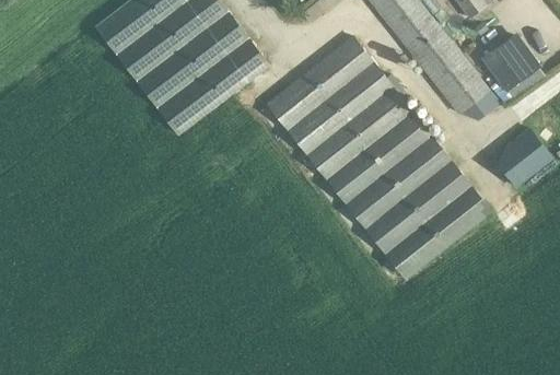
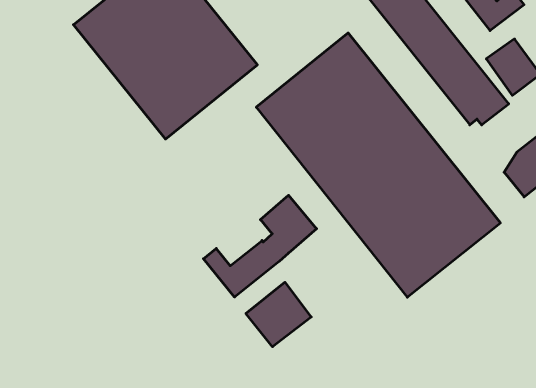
building: none -> [203,195,317,297]
building: none -> [246,282,311,347]

